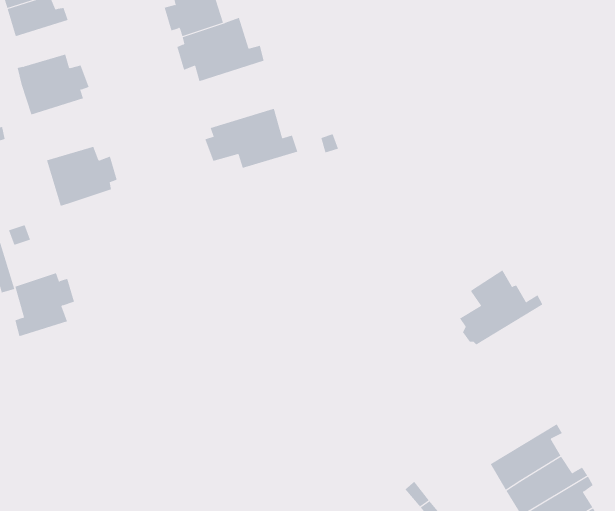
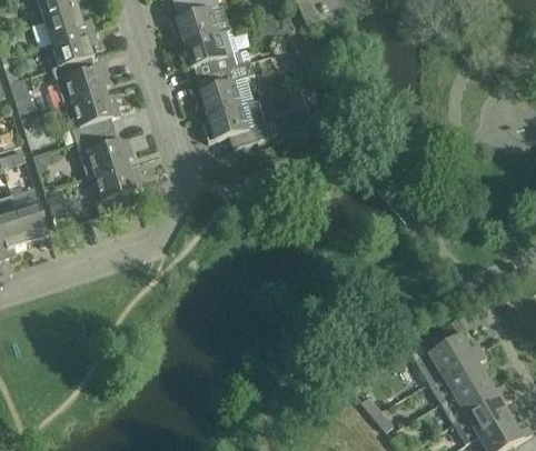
building: none -> [51,29,97,66]
building: none -> [192,61,254,114]
building: none -> [63,91,120,140]
building: [459,269,543,345] -> [415,321,482,381]
building: [15,272,75,337] -> [95,163,142,214]

